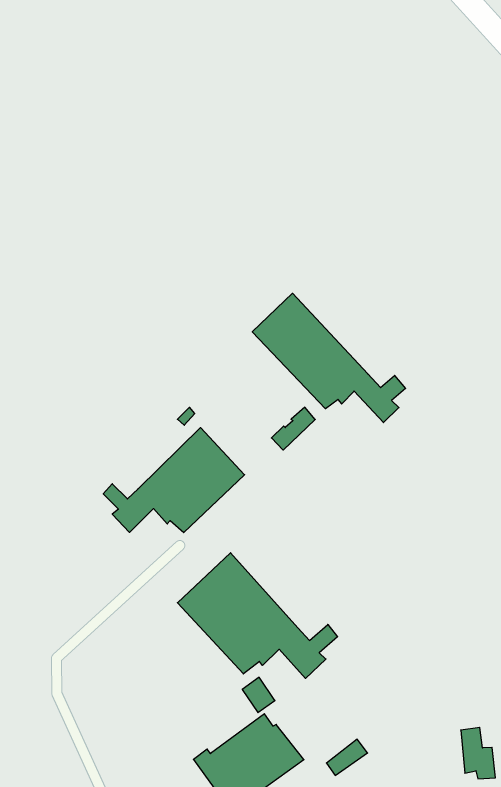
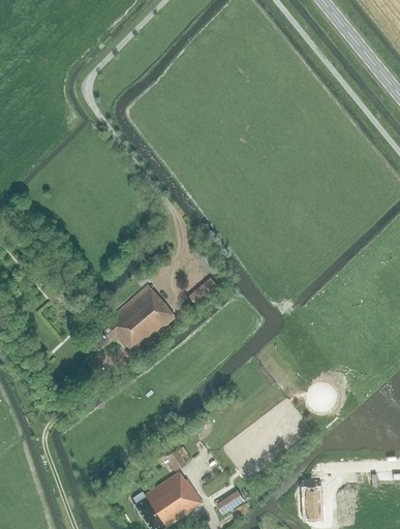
building: [252,293,406,423] -> none
building: [177,553,338,678] -> none

